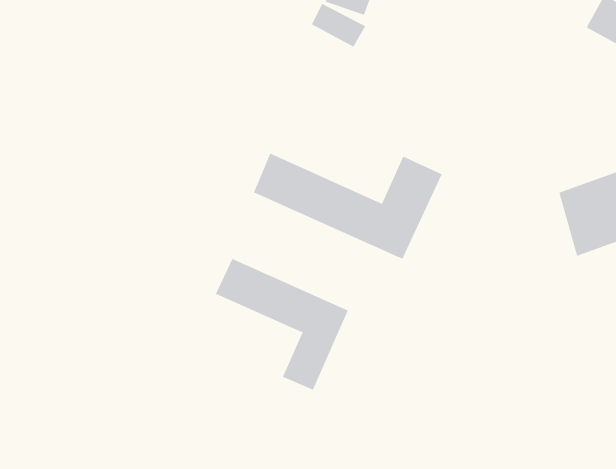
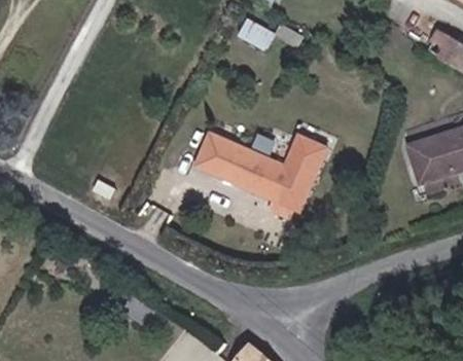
building: [215,258,348,391] -> none

